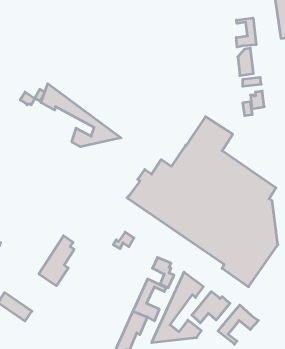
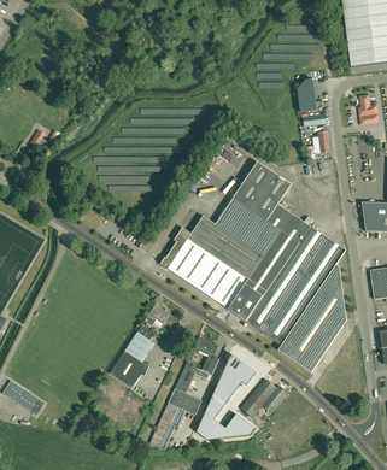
building: [236,18,256,47] -> none
building: [41,84,121,147] -> none
building: [39,236,74,286] -> [111,325,154,387]
building: [218,305,258,344] -> none

